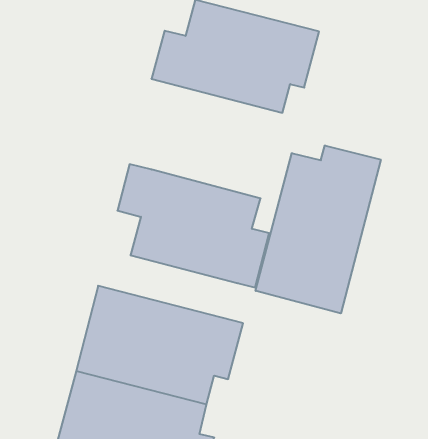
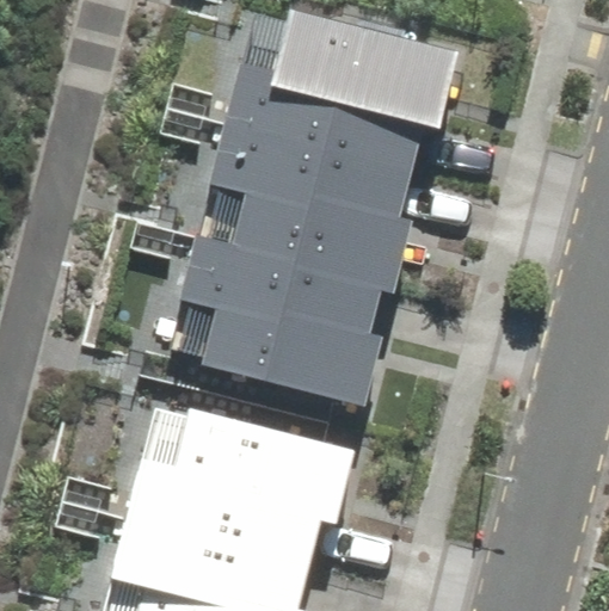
building: none -> [210,117,416,285]
building: [256,145,381,313] -> none

